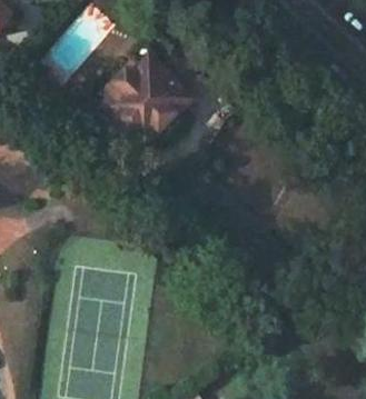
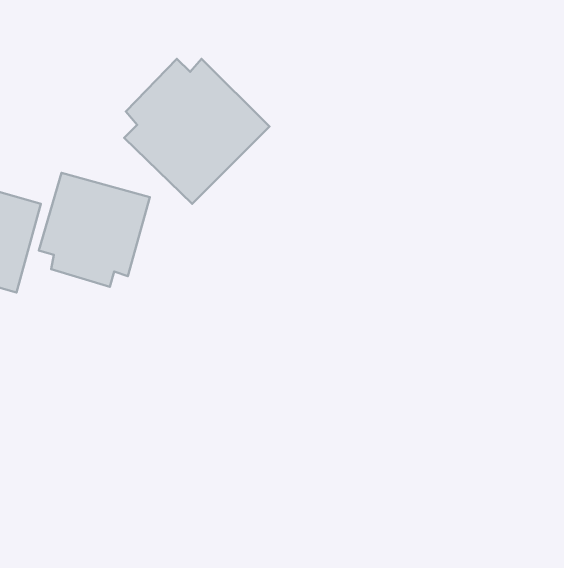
building: none -> [39,173,150,287]

